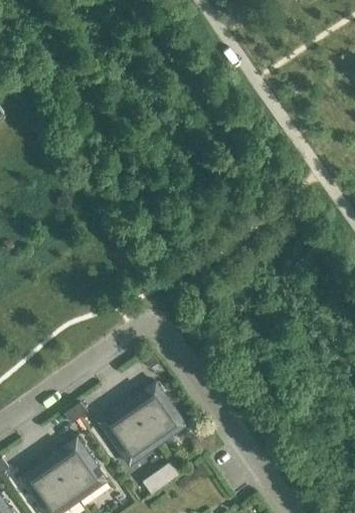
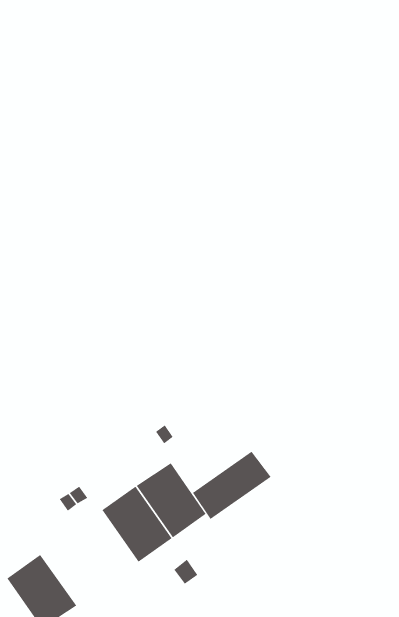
building: none -> [192,451,272,520]
building: [49,440,108,502] -> none

